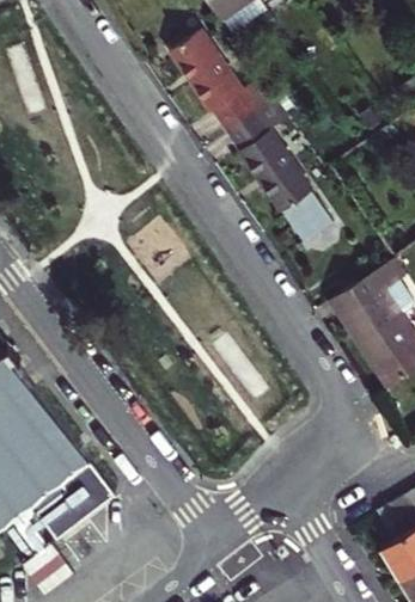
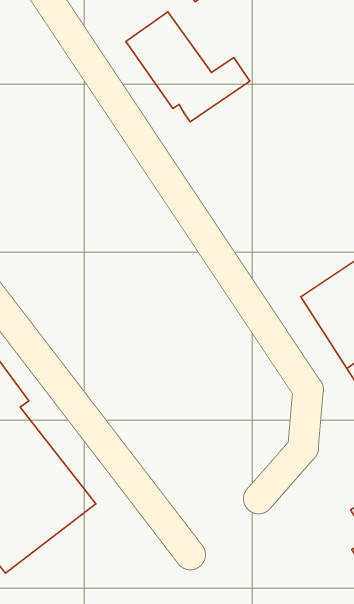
building: [219,92,334,246] -> none

